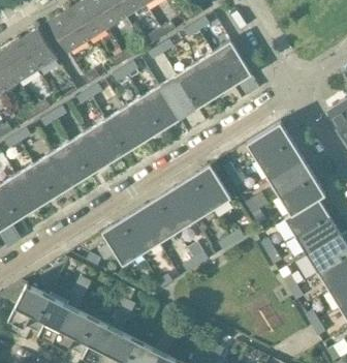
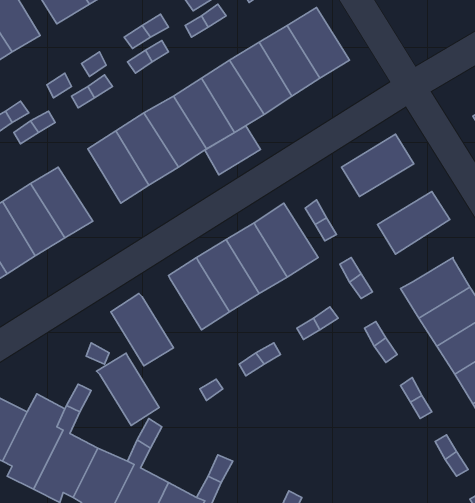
building: none -> [205,126,261,175]
building: [68,130,107,176] -> none
building: [257,140,303,178] -> none
building: [280,175,325,214] -> none
building: [119,210,158,255] -> [97,353,159,425]

